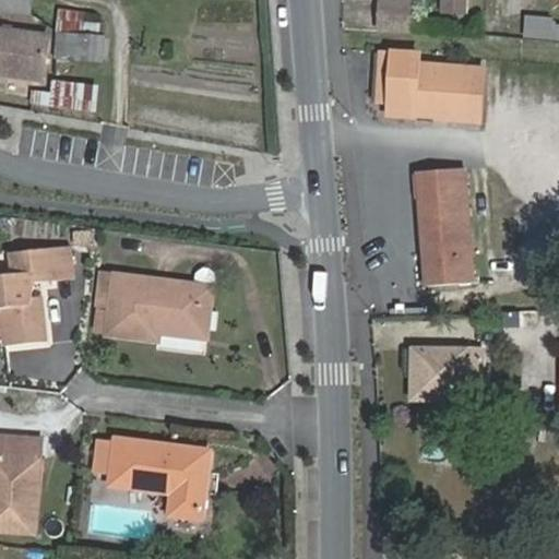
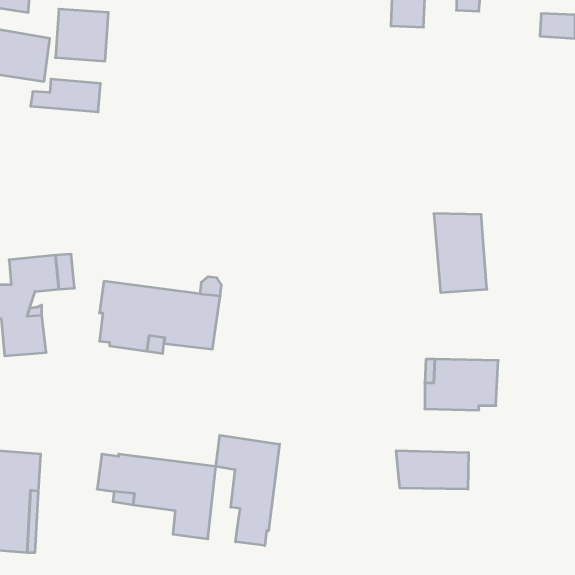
building: [374,48,481,119] -> none
building: [416,166,465,207] -> none
building: none -> [216,435,280,546]
building: none -> [396,451,468,489]

